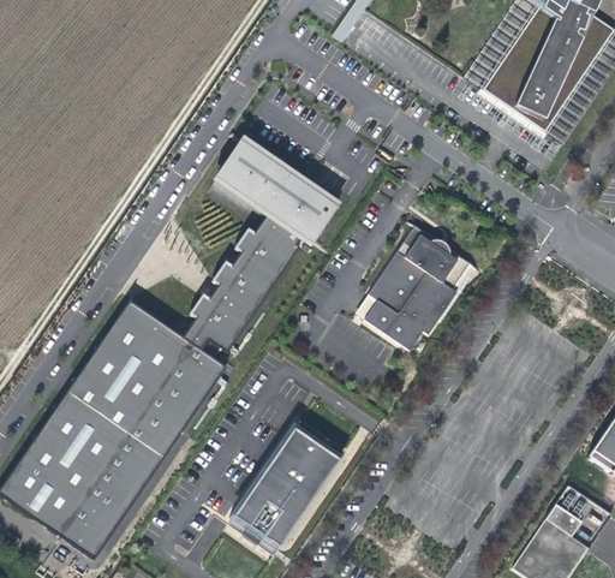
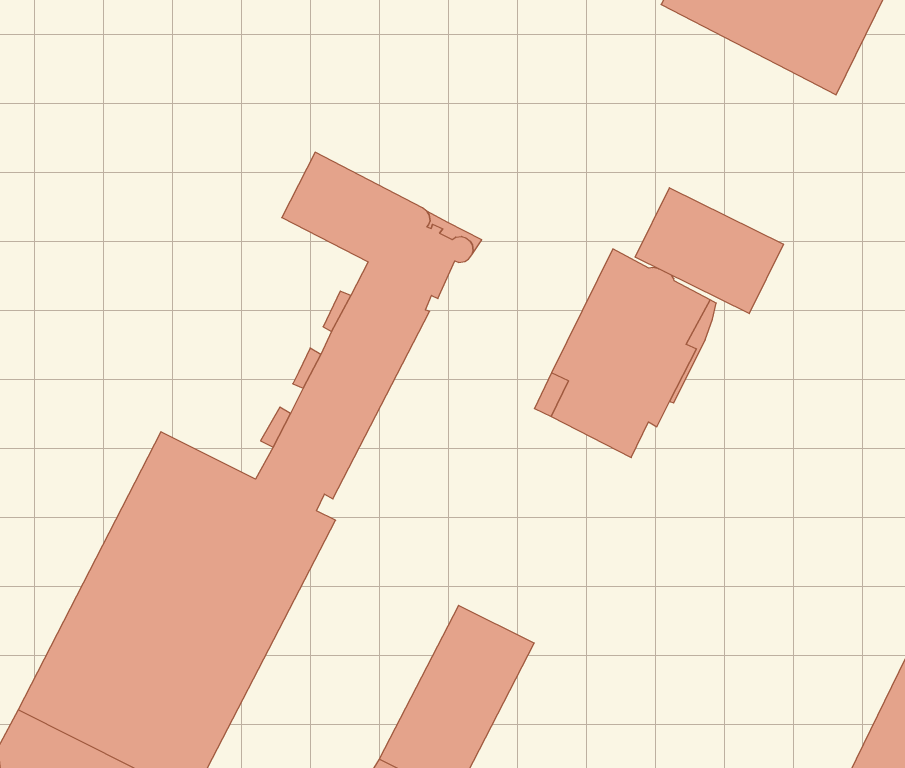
building: none -> [635,188,783,314]

